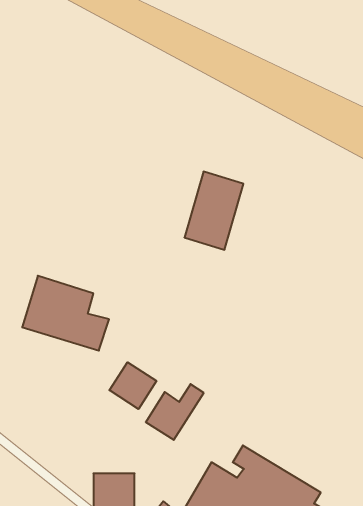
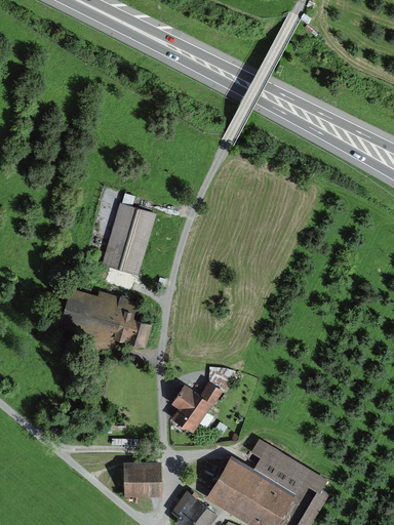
building: [184,172,243,250] -> [101,204,155,276]
building: [109,362,156,409] -> none

